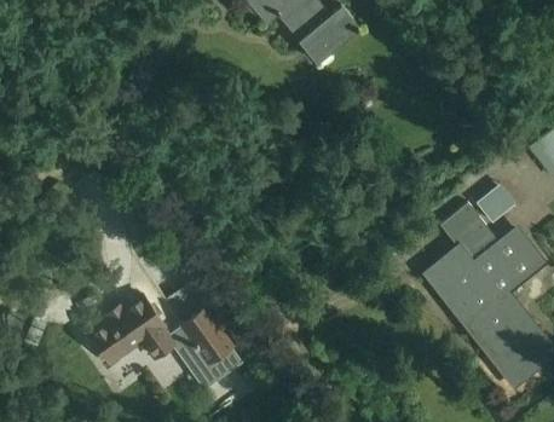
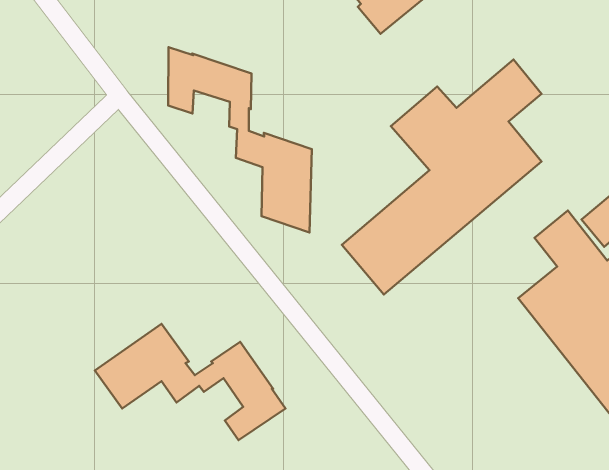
building: none -> [168,47,312,233]
building: none -> [342,60,541,294]

